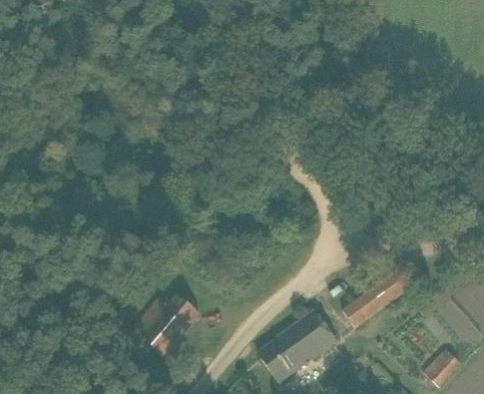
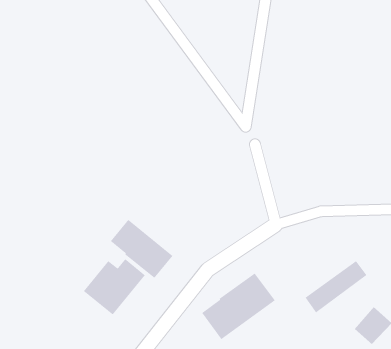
building: none -> [110,219,174,279]
building: [343,270,410,327] -> [305,260,368,314]

